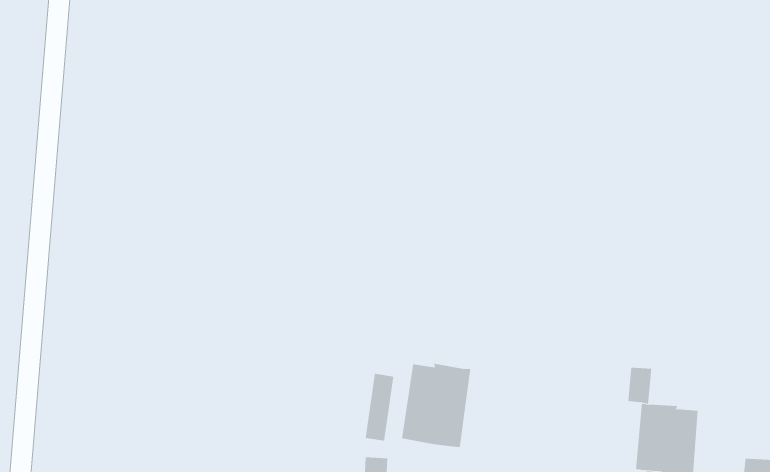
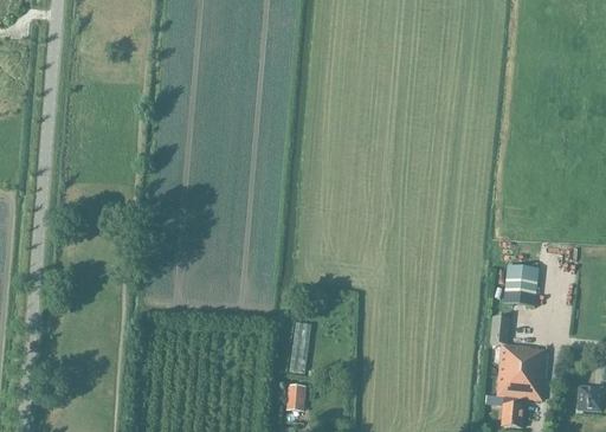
building: none -> [503,264,539,307]
building: [401,363,471,448] -> none

